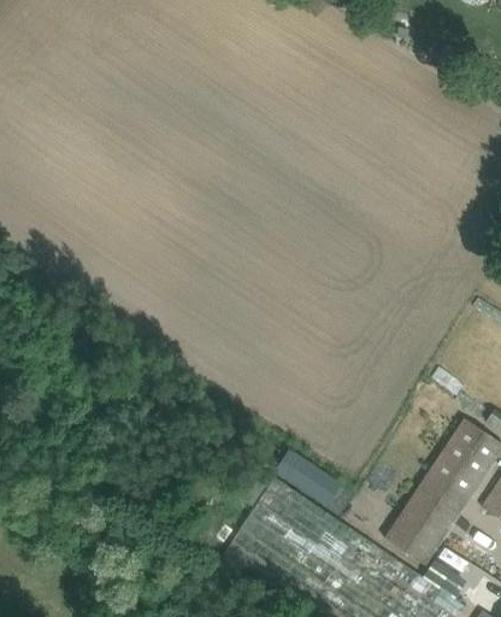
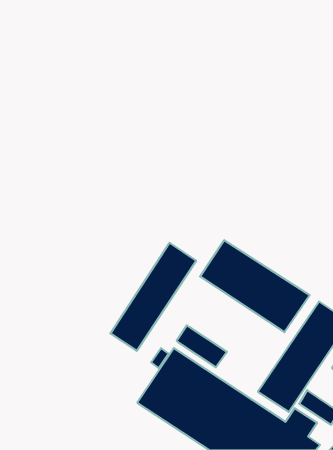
building: none -> [200,240,310,332]
building: none -> [110,243,196,351]

